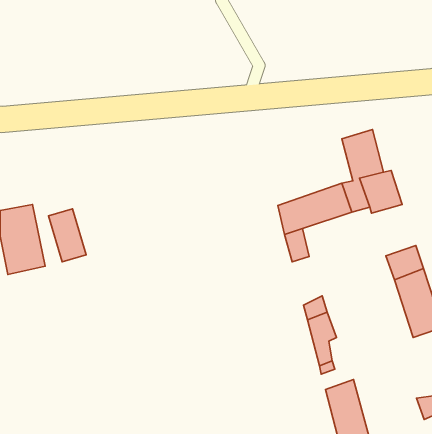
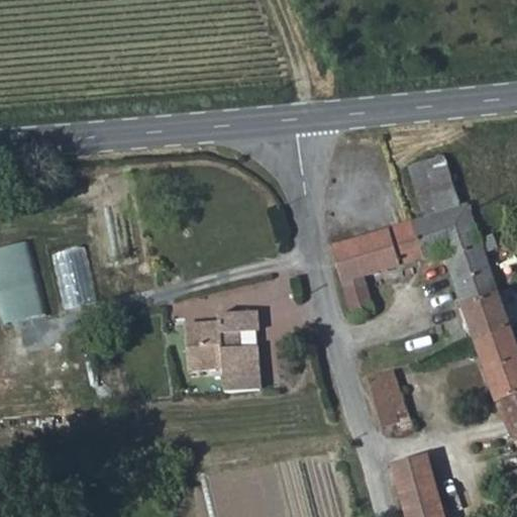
building: none -> [444,244,497,305]
building: none -> [185,306,261,389]

